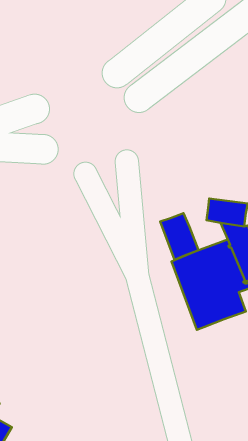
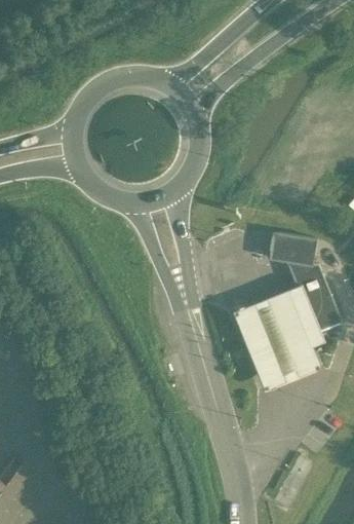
building: [160,213,199,260] -> none

